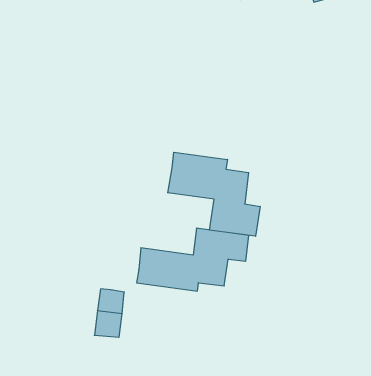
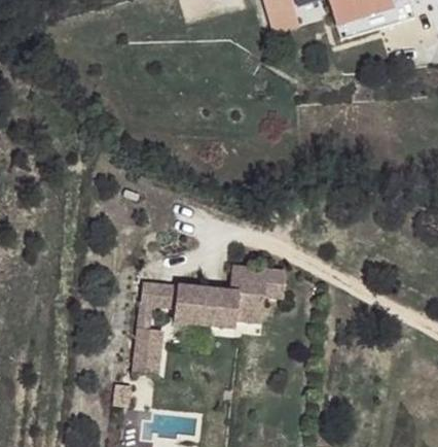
building: [168,152,260,236] -> none
building: none -> [136,279,176,325]

